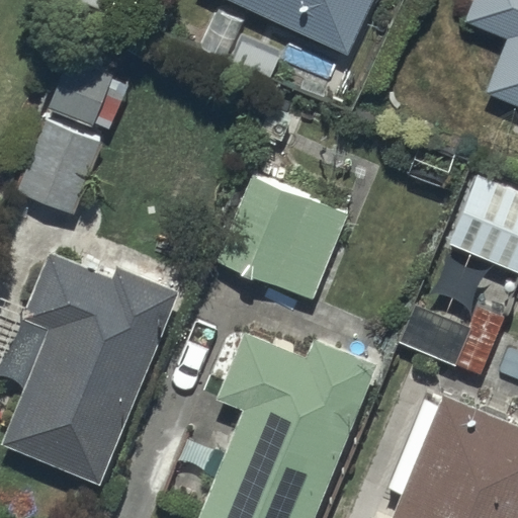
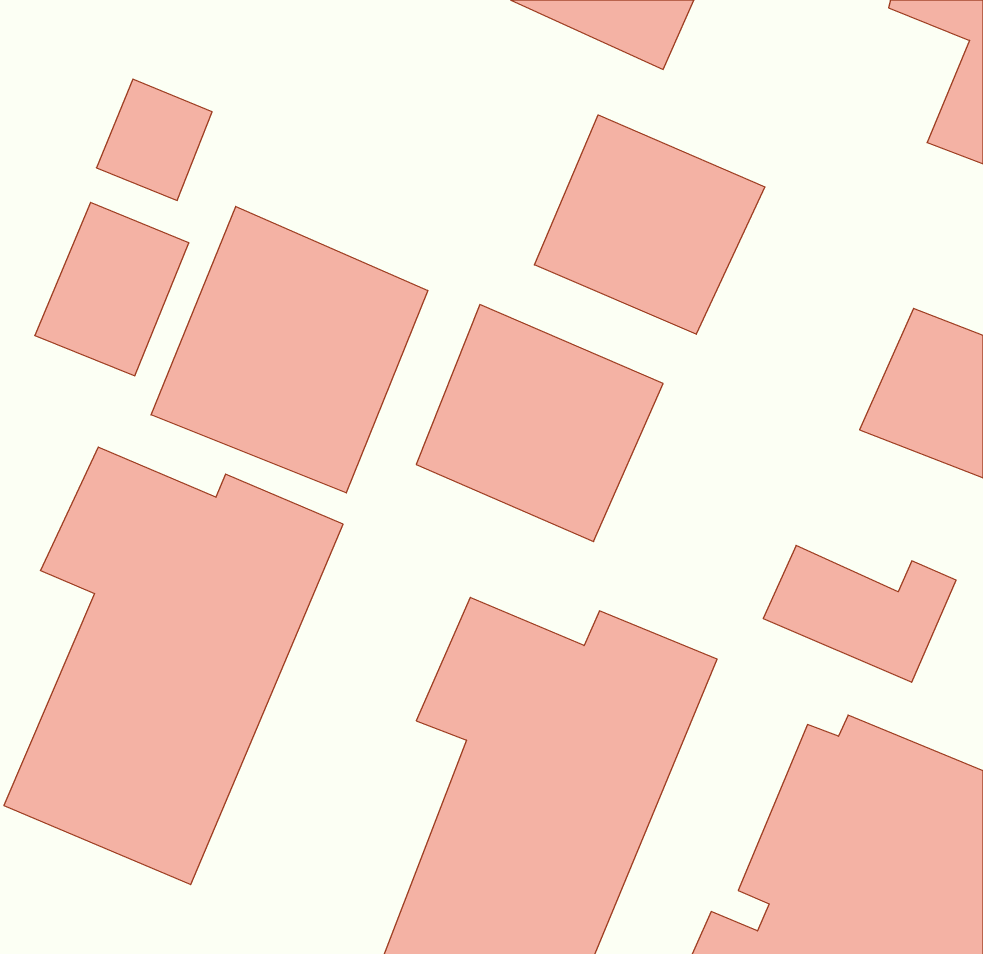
building: none -> [534,115,765,334]
building: none -> [151,206,428,493]

